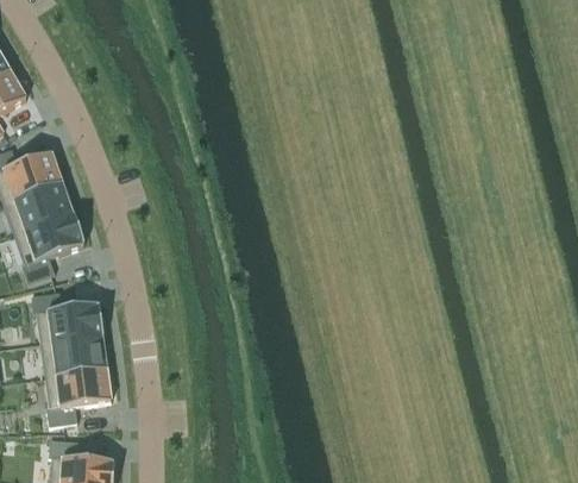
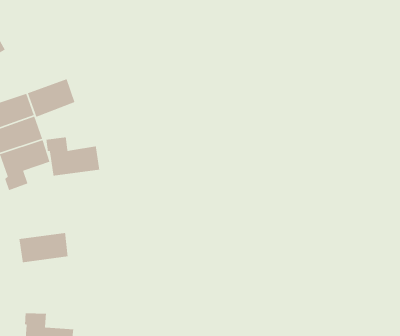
building: none -> [27,78,76,118]
building: [32,291,103,344] -> [45,136,100,177]
building: [46,368,112,425] -> none

